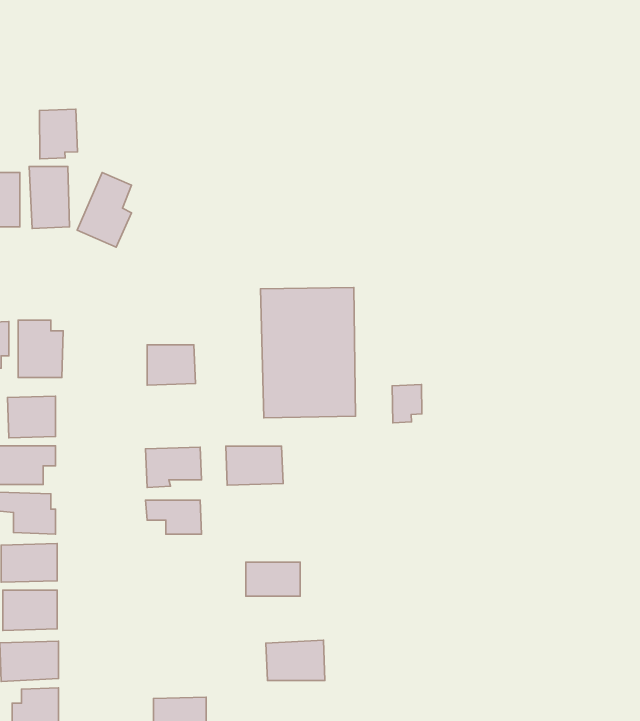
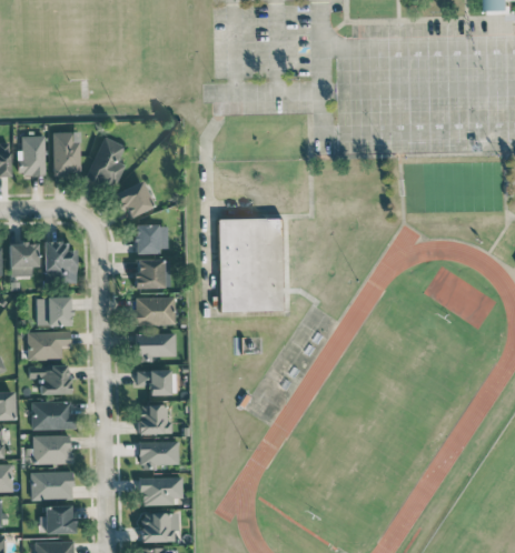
building: [39,109,77,159] -> none
building: none -> [115,181,153,218]
building: none -> [136,225,168,253]
building: [392,384,422,423] -> none
building: [226,446,283,485] -> [135,298,176,325]
building: none -> [138,404,172,434]
building: [246,562,300,596] -> [139,442,178,466]
building: [266,640,325,680] -> [140,476,182,505]

